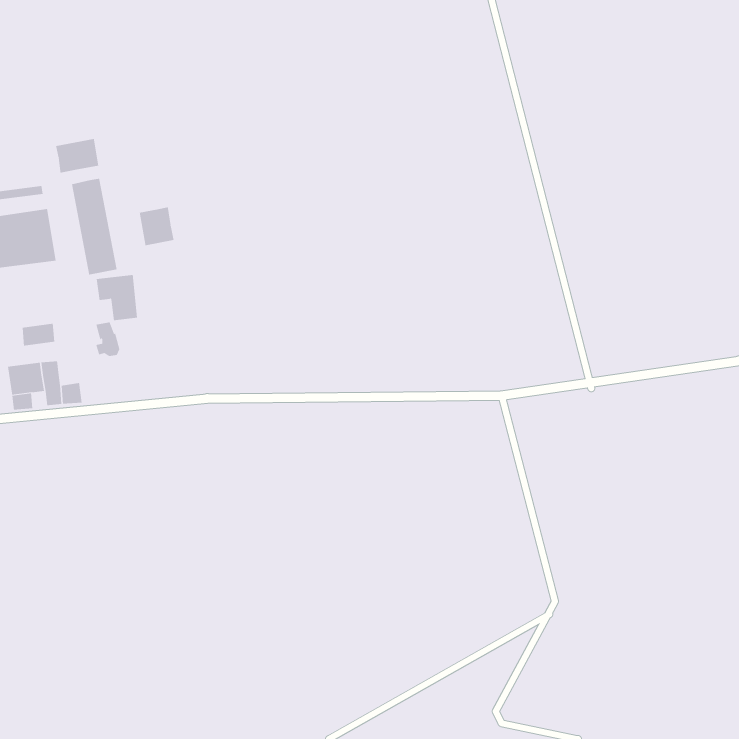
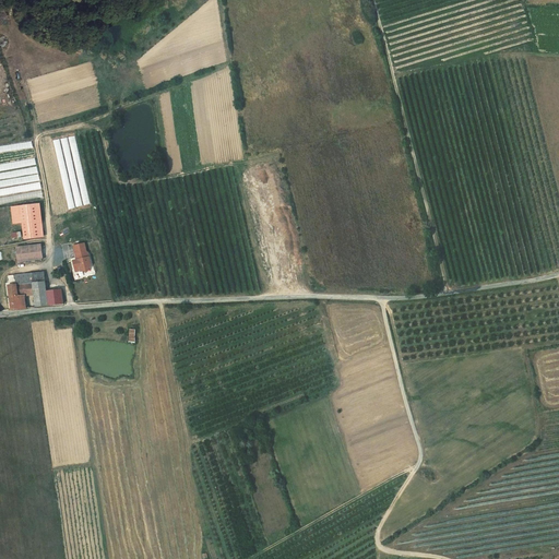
building: [56,138,99,174] -> none
building: [139,206,174,246] -> none
building: [96,274,138,321] -> [10,203,41,238]

